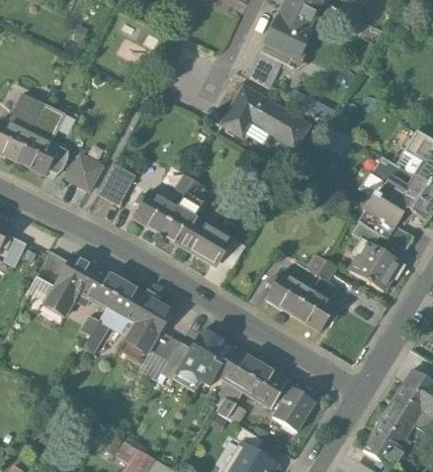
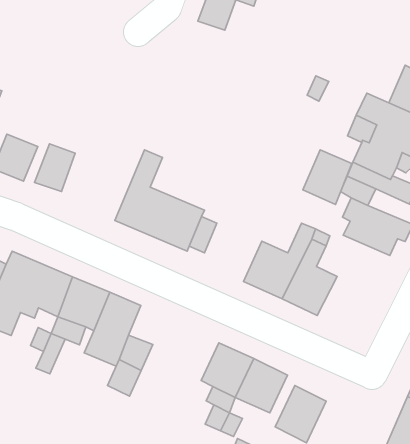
building: [219,82,313,150] -> none
building: [131,167,193,234] -> none
building: none -> [303,150,352,204]
building: [178,333,227,391] -> none

